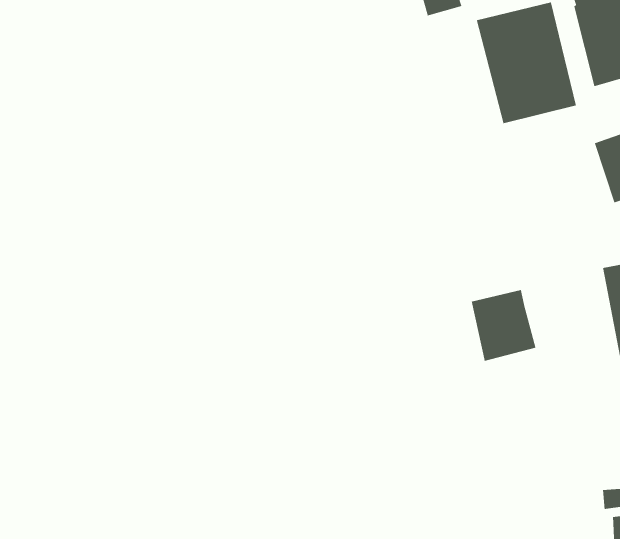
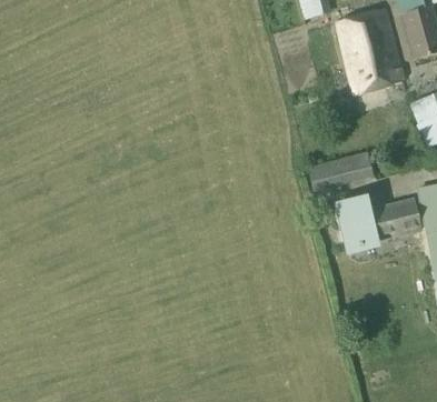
building: none -> [319,154,371,185]
building: none -> [367,200,421,240]

